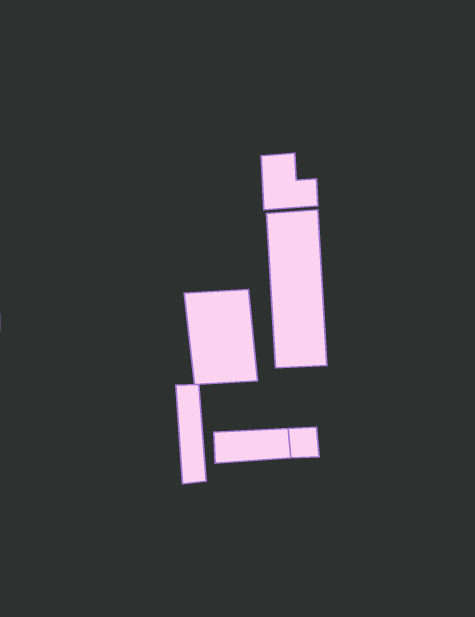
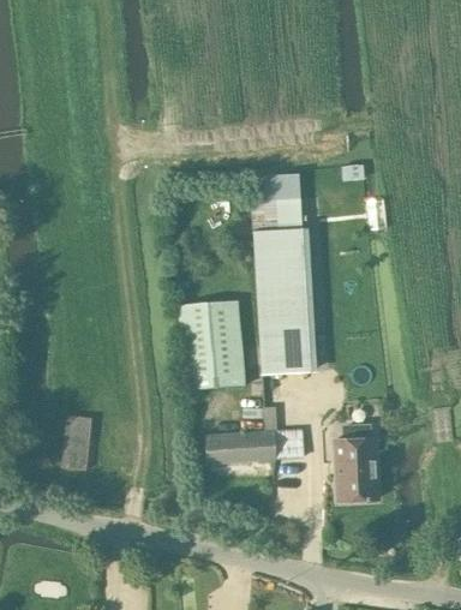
building: [176,384,206,484] -> none
building: none -> [62,414,92,470]
building: none -> [335,438,379,501]

